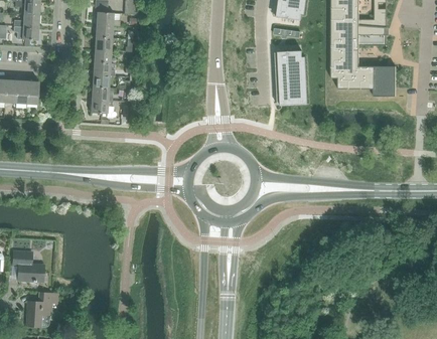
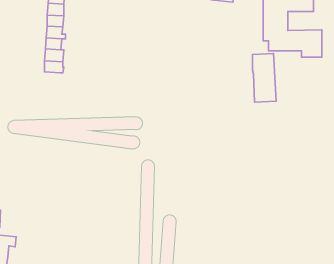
building: [278,51,304,105] -> [253,54,276,102]

